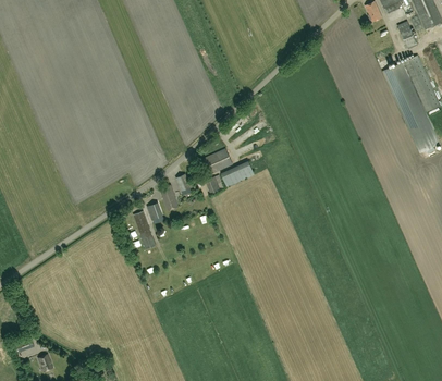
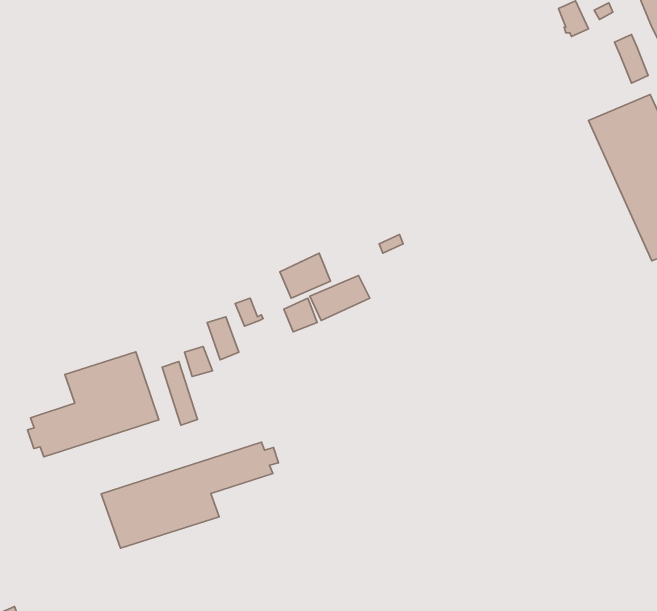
building: none -> [28,352,159,457]
building: none -> [101,442,278,548]

